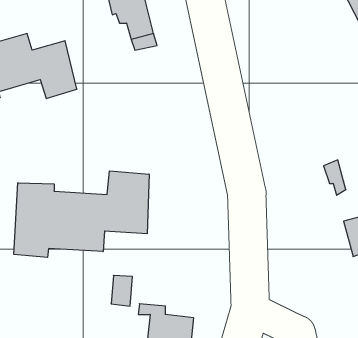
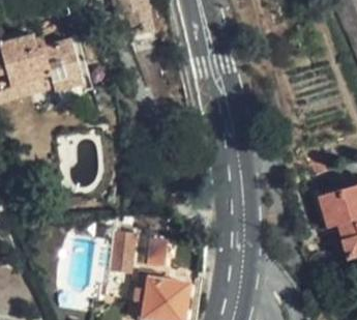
building: [14,171,149,257] -> none

